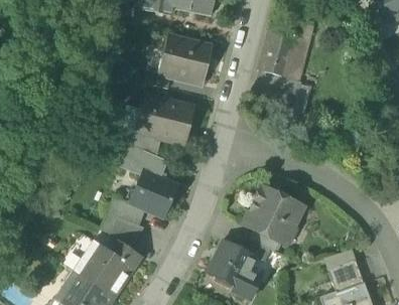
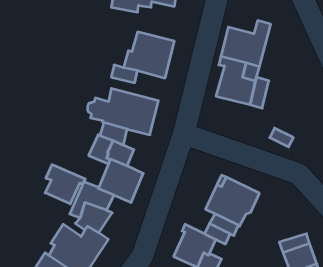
building: none -> [45,165,85,204]

